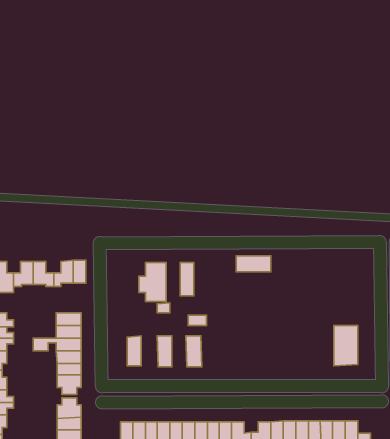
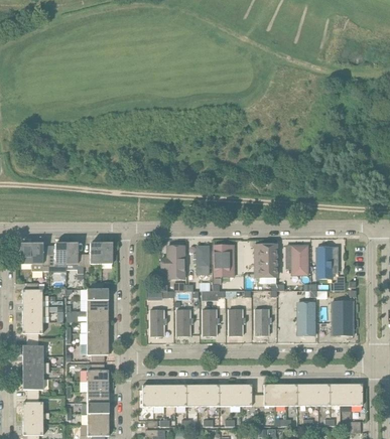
building: none -> [316,243,340,279]
building: none -> [218,245,234,277]
building: none -> [290,245,307,276]
building: none -> [258,254,274,278]
building: none -> [295,301,314,335]
building: none -> [227,309,241,336]
building: none -> [253,309,267,336]

